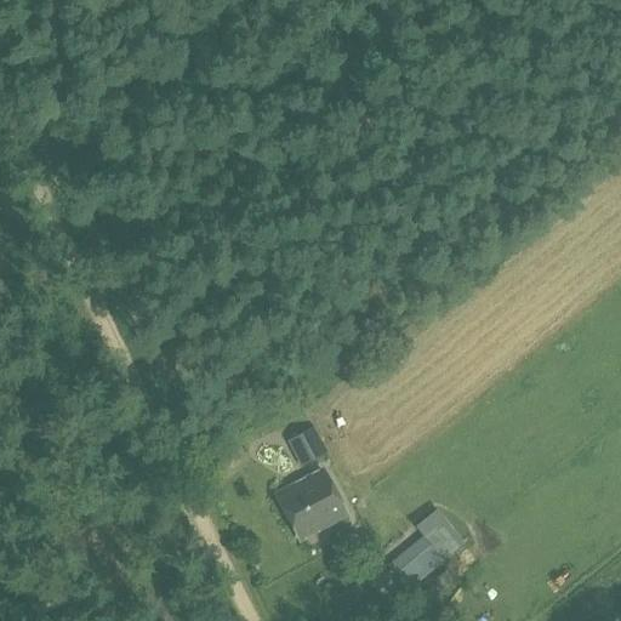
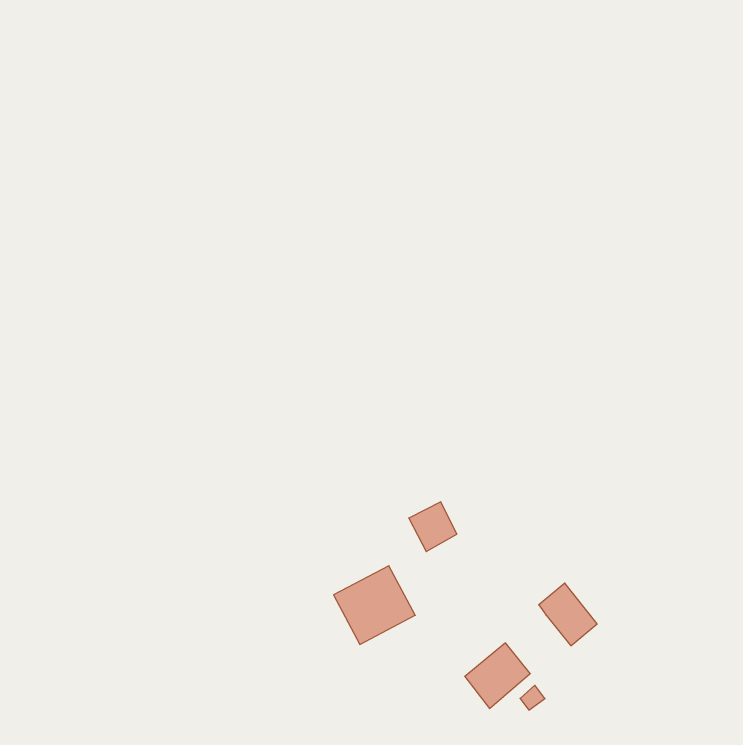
building: [289,427,329,468] -> [409,502,457,552]
building: [416,508,465,560] -> [539,583,597,646]

